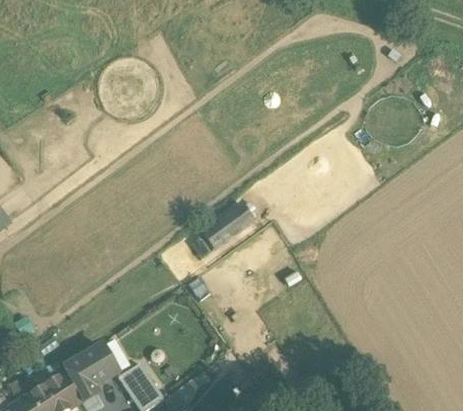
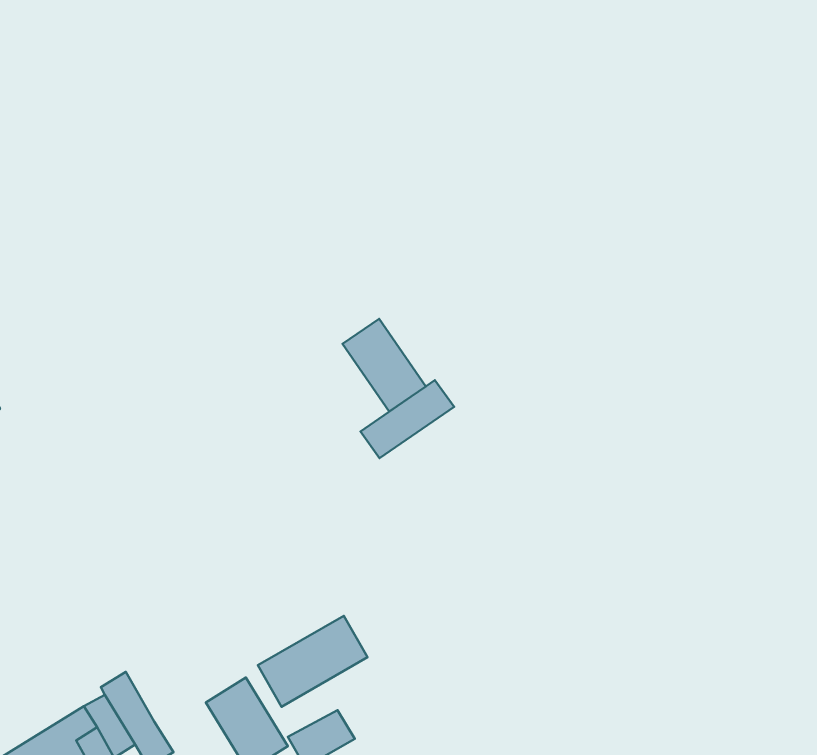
building: none -> [342,319,426,411]
building: none -> [258,616,368,707]
building: [77,345,118,387] -> none

